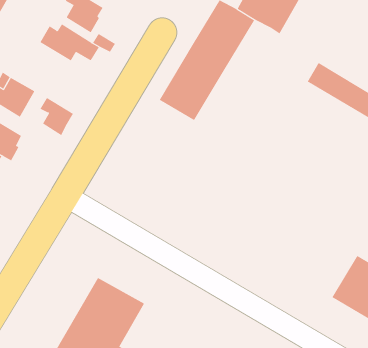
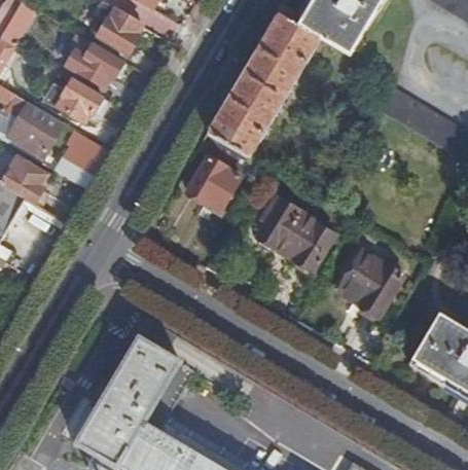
building: none -> [44,78,110,122]
building: none -> [187,132,251,211]
building: none -> [257,196,333,273]
building: none -> [338,250,402,311]

